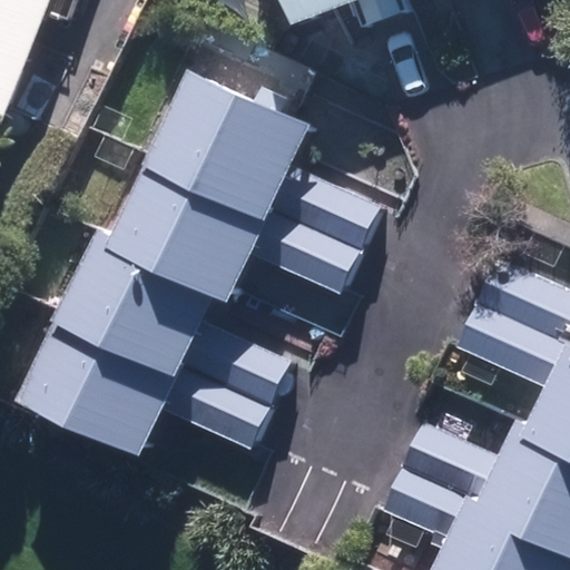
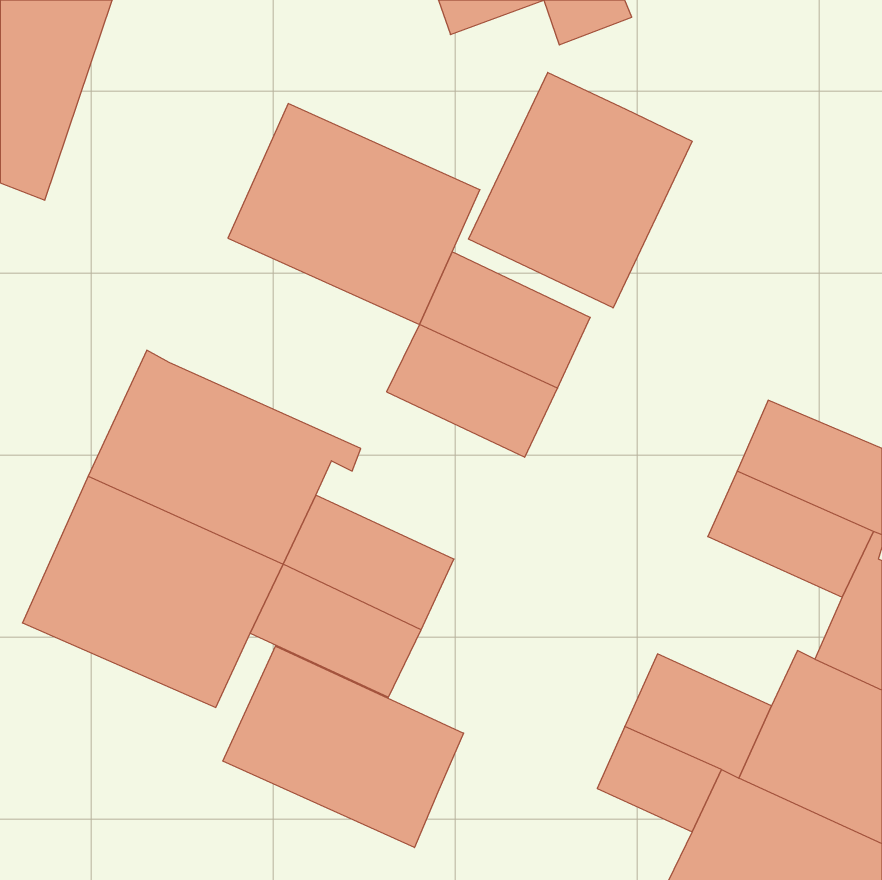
building: none -> [469,72,692,308]
building: [109,155,271,291] -> none
building: none -> [223,646,464,848]

